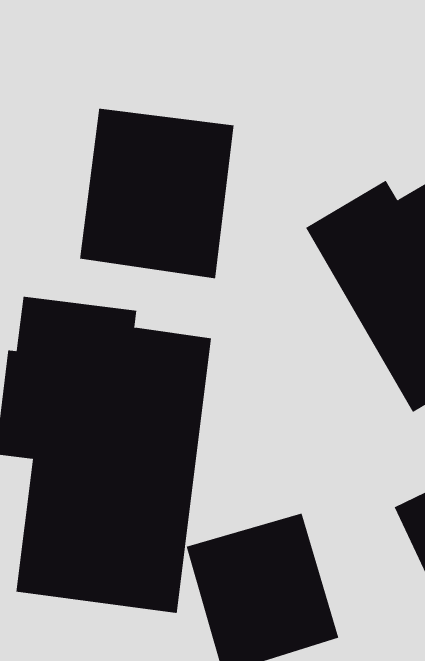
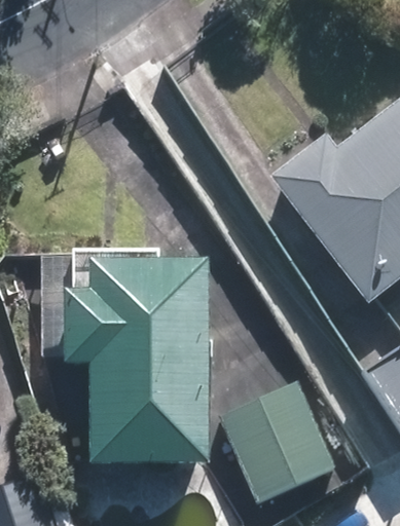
building: [79,108,234,279] -> none

